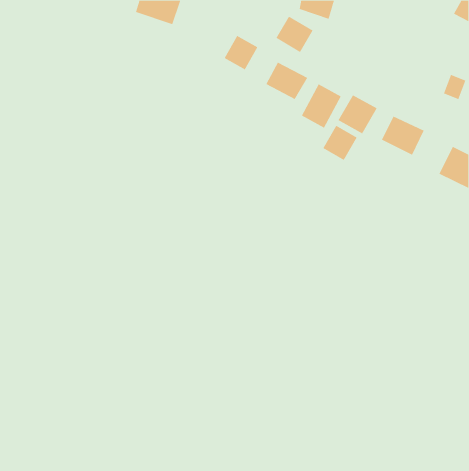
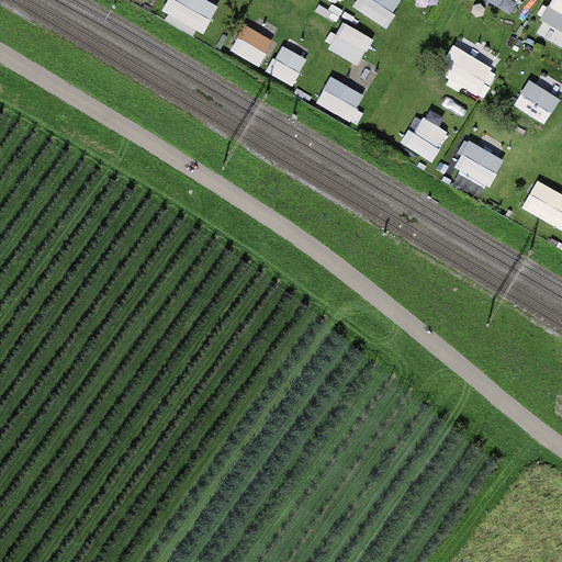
building: none -> [228,22,272,66]
building: none -> [438,44,497,98]
building: [301,83,341,129] -> none
building: [322,125,358,161] -> none

